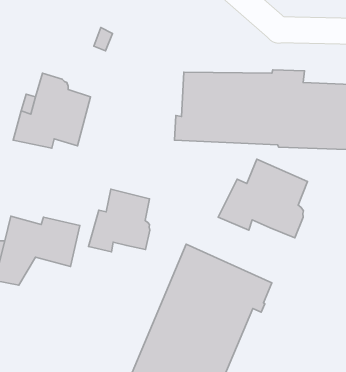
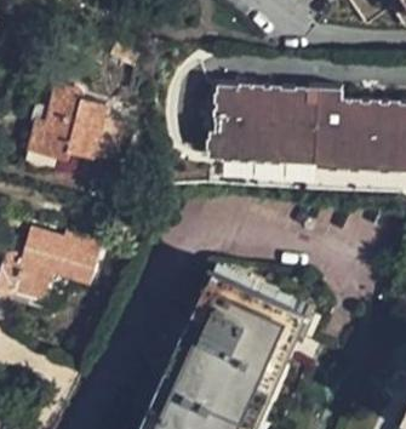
building: [218,159,307,238] -> none
building: [88,189,150,252] -> none

